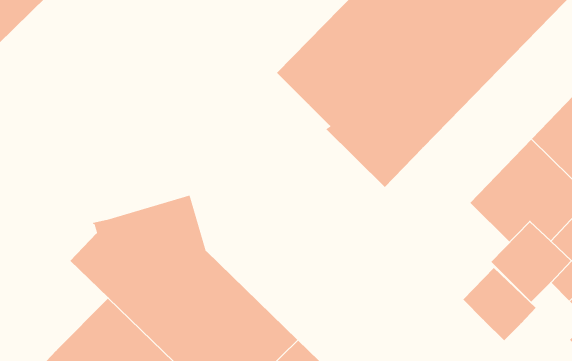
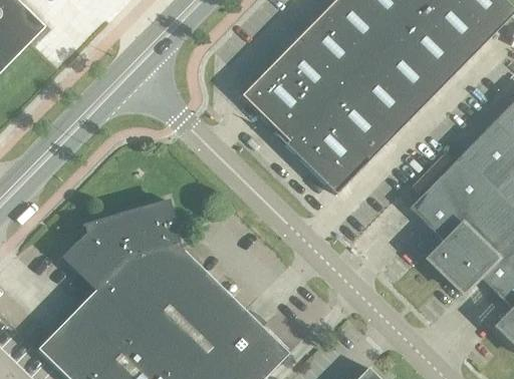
building: [462,267,536,341] -> none

